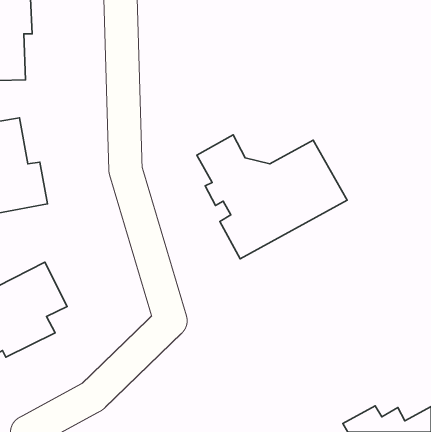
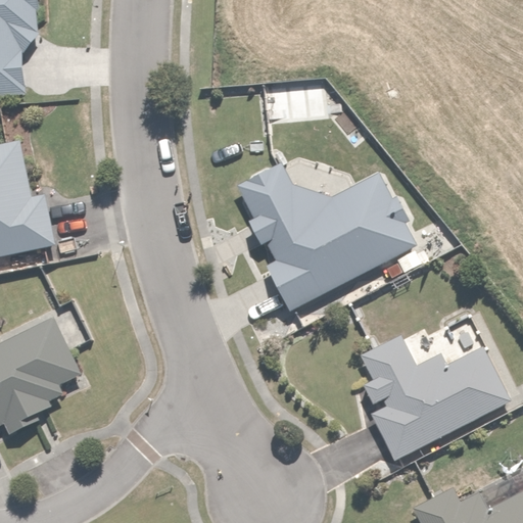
building: none -> [360,335,511,463]

